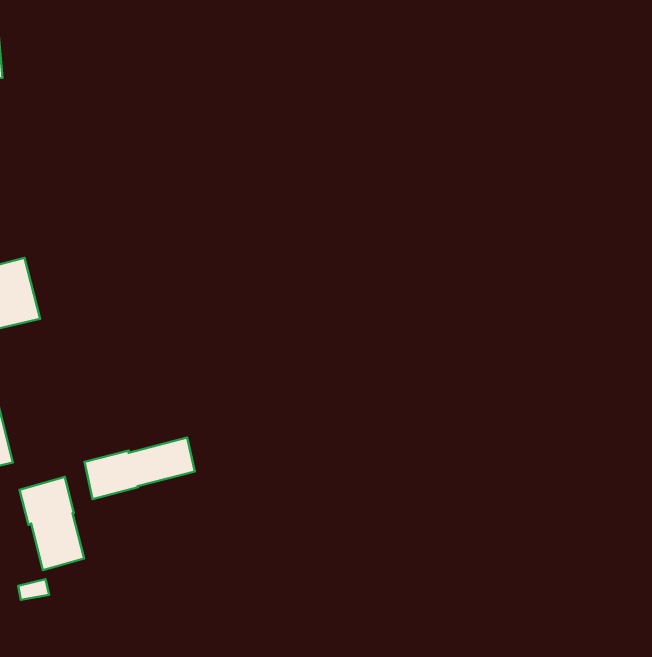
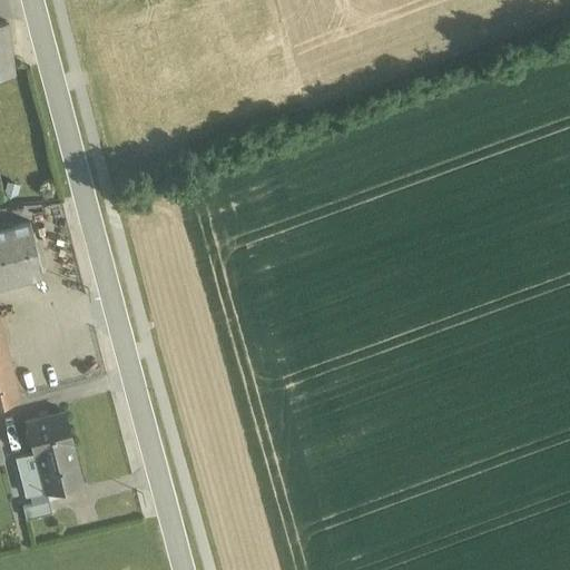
building: [84,437,195,499] -> none

